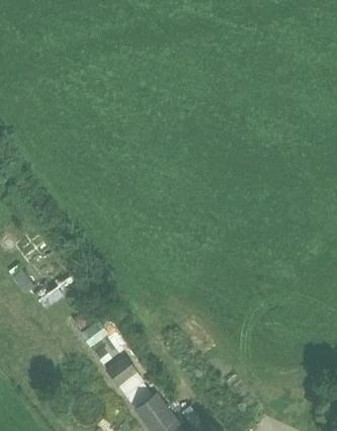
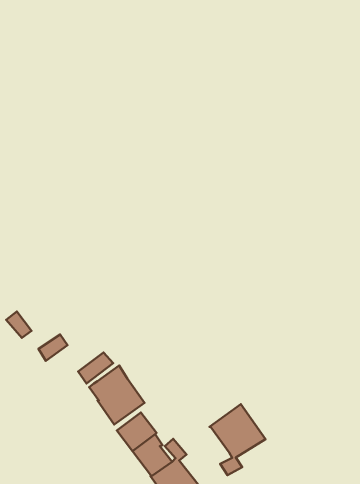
building: none -> [210,404,265,475]

